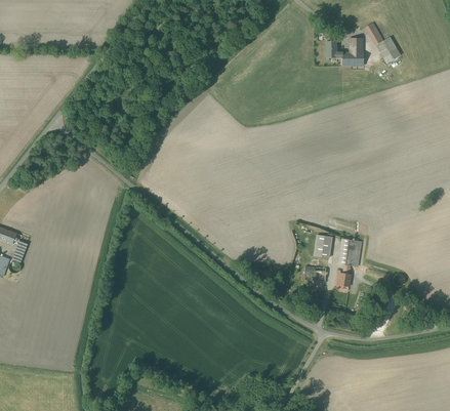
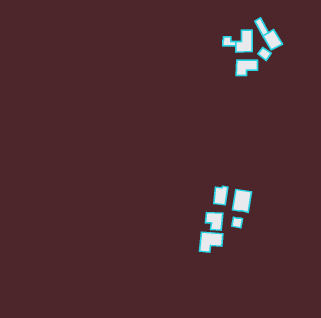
building: none -> [236,60,258,75]
building: none -> [199,232,223,252]

